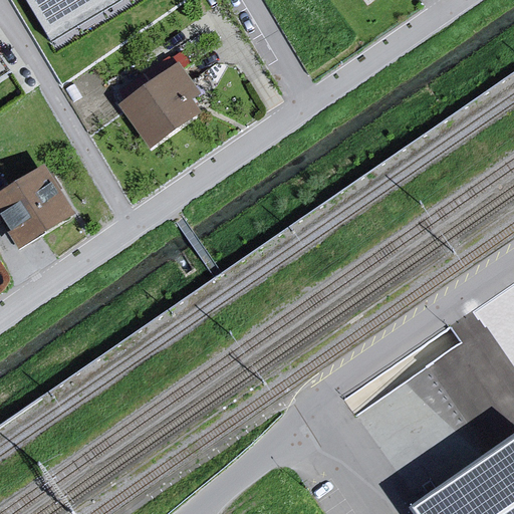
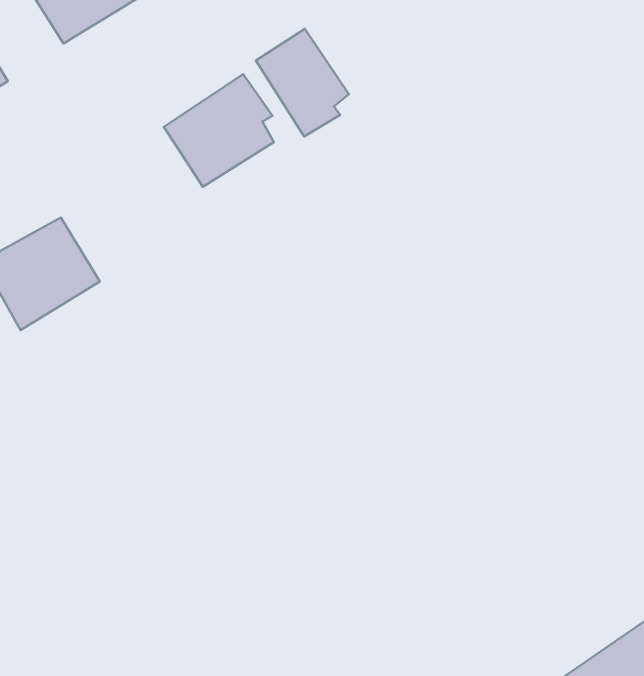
building: none -> [256,29,349,136]

